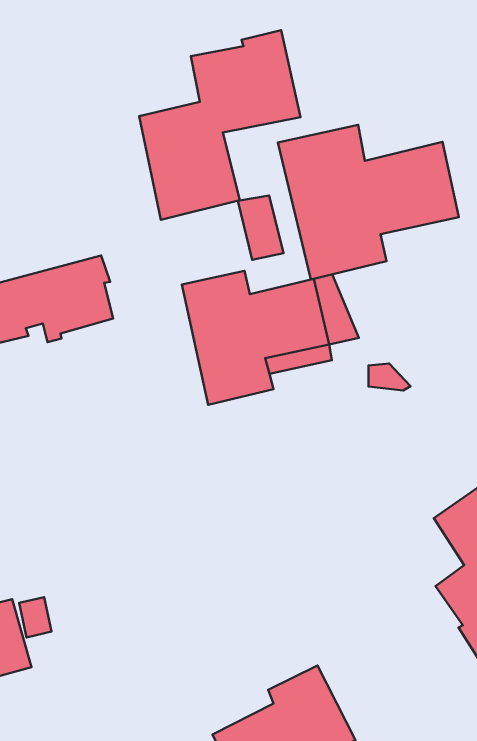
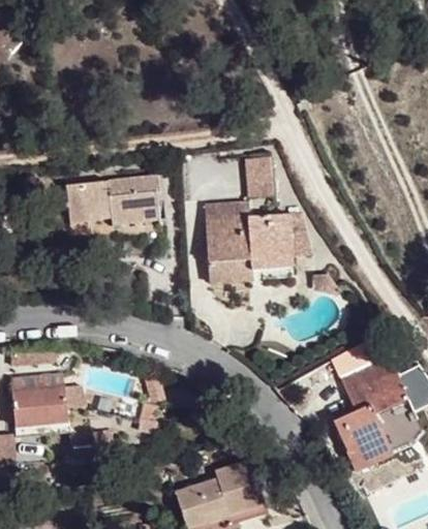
building: [139,30,300,220] -> none
building: [278,125,459,279] -> none

